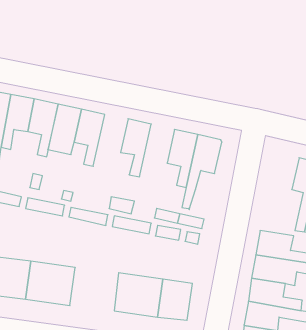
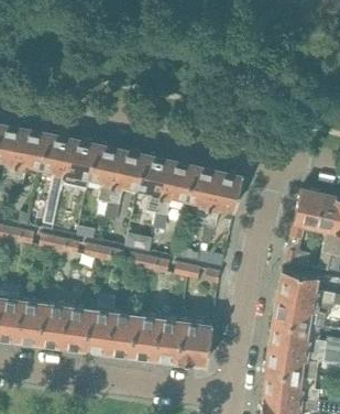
building: none -> [106,150,145,221]
building: none -> [154,160,194,232]
building: none -> [284,190,323,269]
building: none -> [85,309,135,355]

